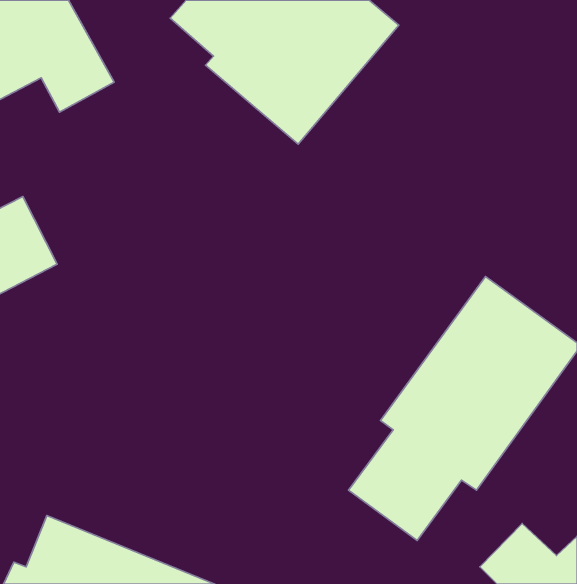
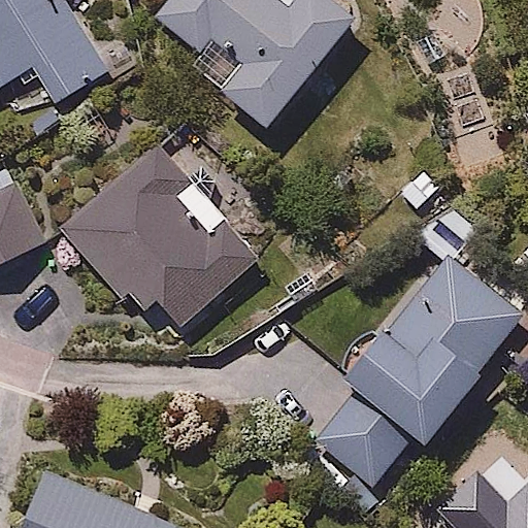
building: none -> [57,137,262,345]

